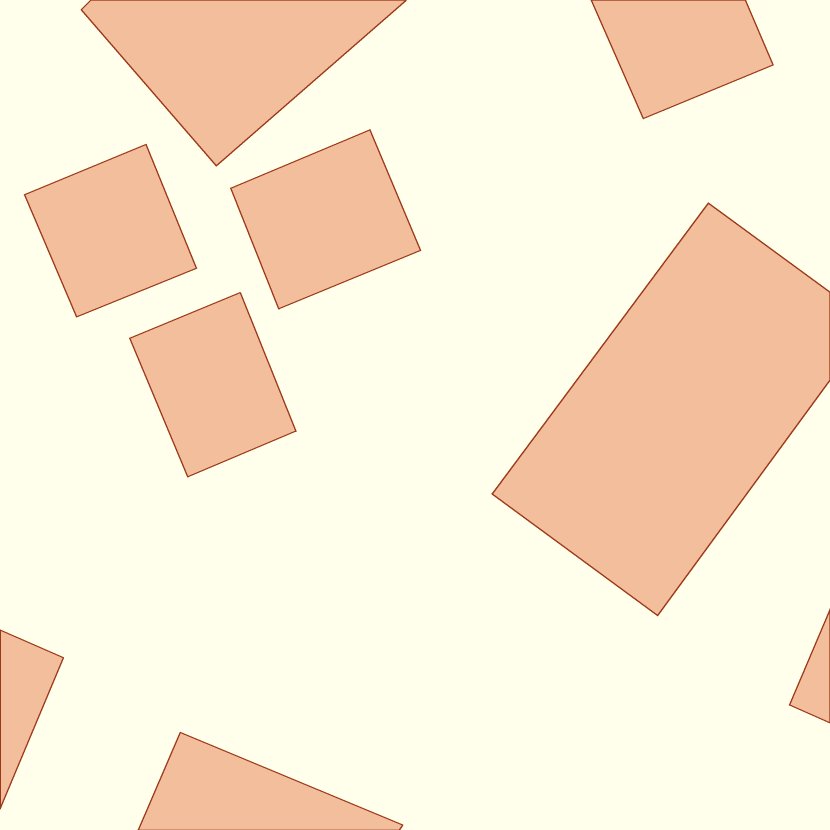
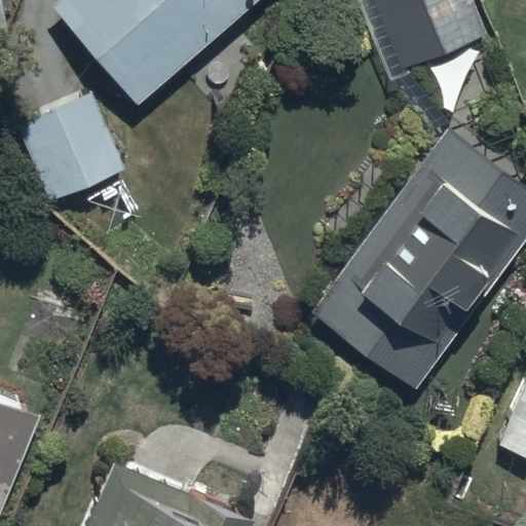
building: [231,130,421,309] -> none
building: [130,293,296,477] -> none

